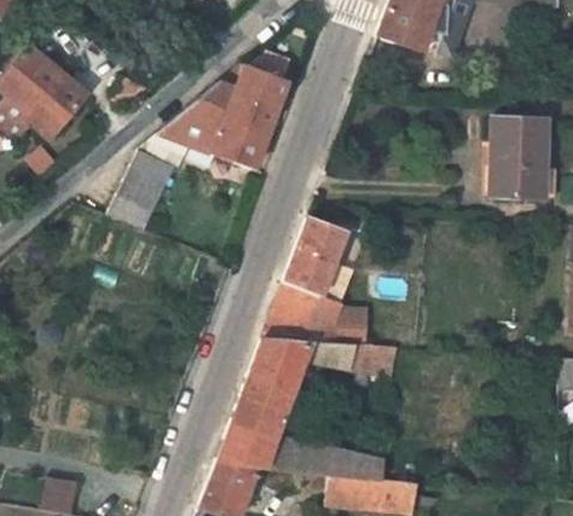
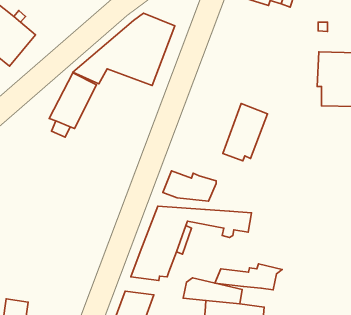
building: [282,219,346,301] -> [223,104,267,161]
building: [330,308,367,348] -> none
building: [215,435,312,472] -> [215,264,282,290]

